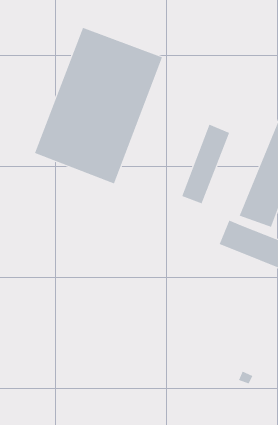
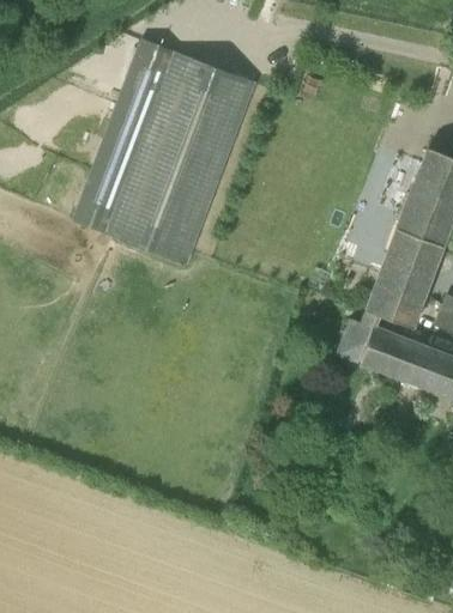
building: [181,124,230,204] -> none

